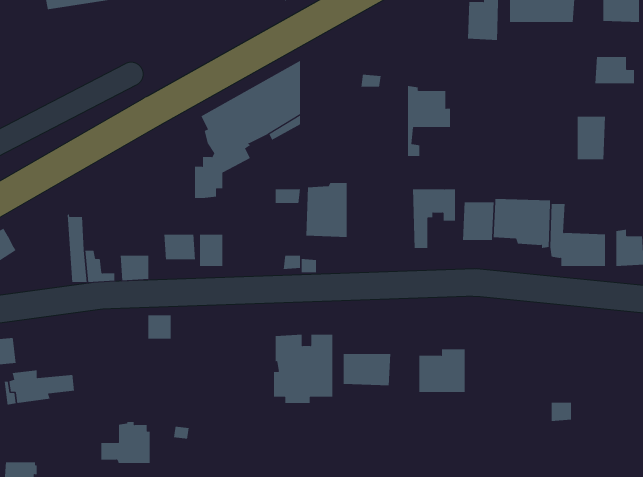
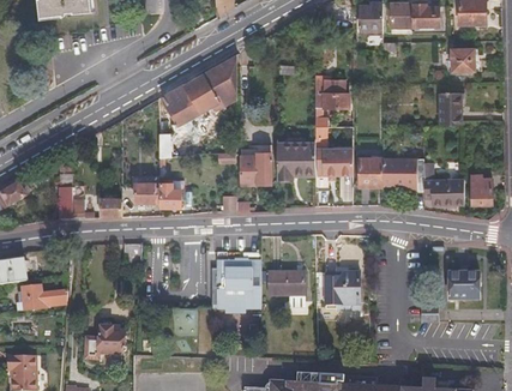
building: none -> [276,149,314,180]
building: none -> [447,273,477,301]

